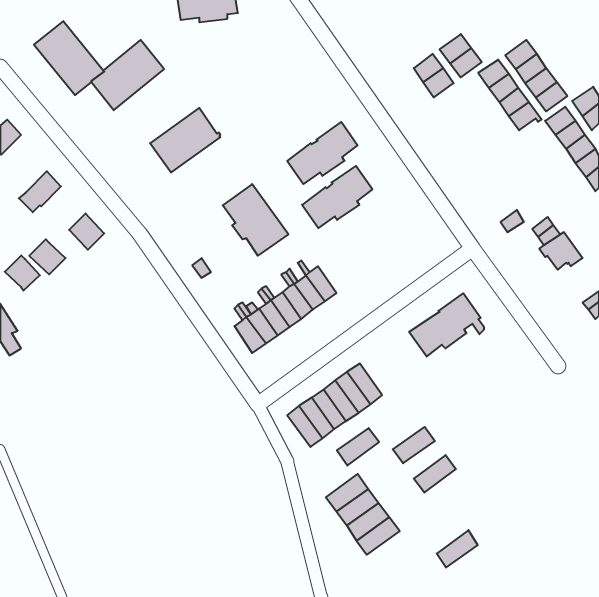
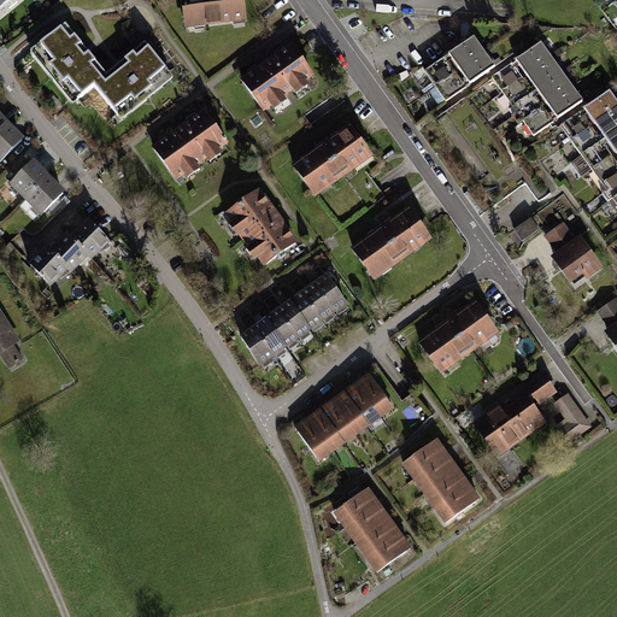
building: none -> [243,45,312,108]
building: none -> [12,161,48,198]
building: [302,166,372,228] -> [354,208,427,272]
building: [5,255,40,291] -> [51,233,87,269]
building: none -> [477,375,554,447]
building: none -> [557,394,588,437]
building: [337,428,379,466] -> [415,453,458,492]
building: [437,530,478,568] -> [436,482,478,521]

